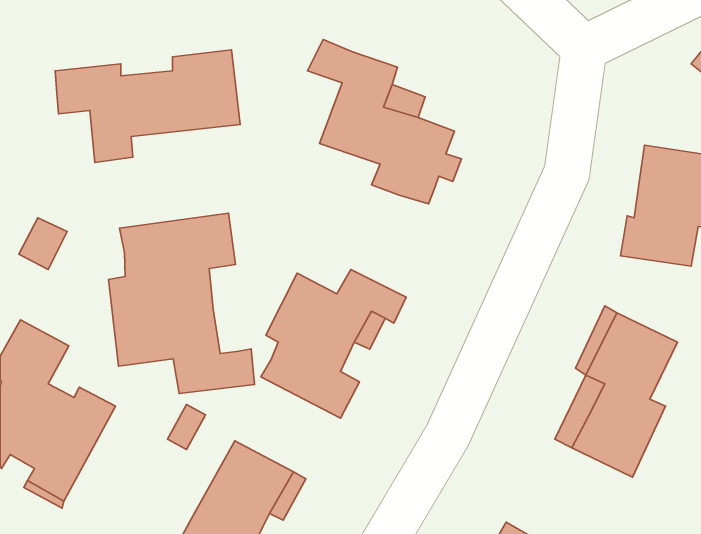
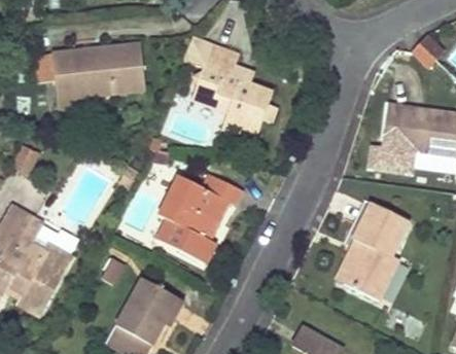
building: [108,213,254,393] -> none

